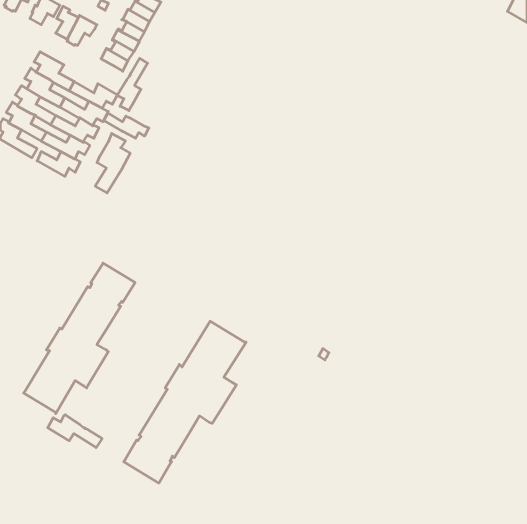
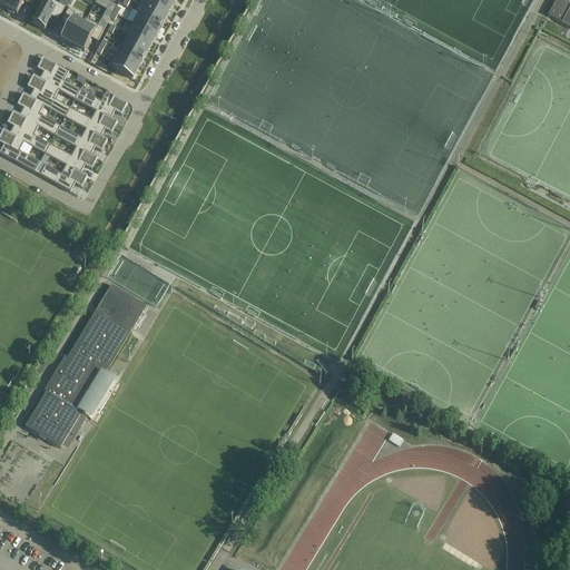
building: [118,58,148,111] -> none
building: [104,113,149,138] -> none
building: [95,133,130,193] -> none
building: [124,321,246,483] -> none
building: [48,415,102,448] -> none

